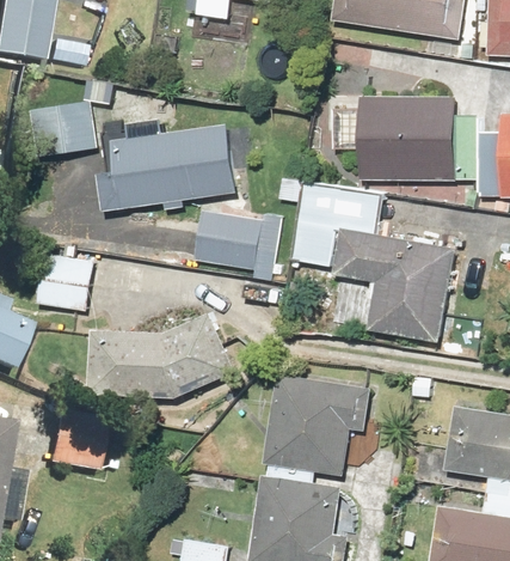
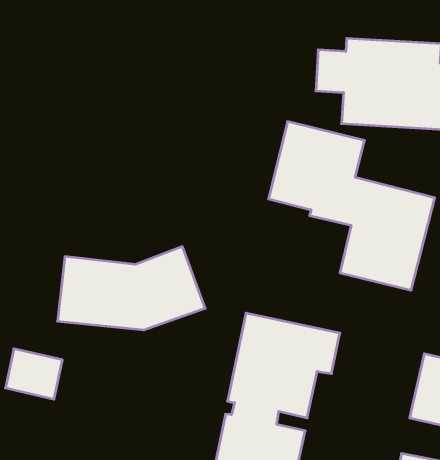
building: [26,100,97,157] -> none
building: [97,118,236,212] -> none
building: [193,209,282,270] -> none
building: [36,254,94,311] -> none

